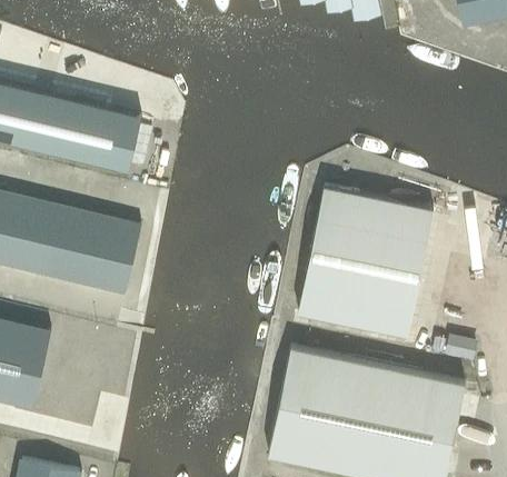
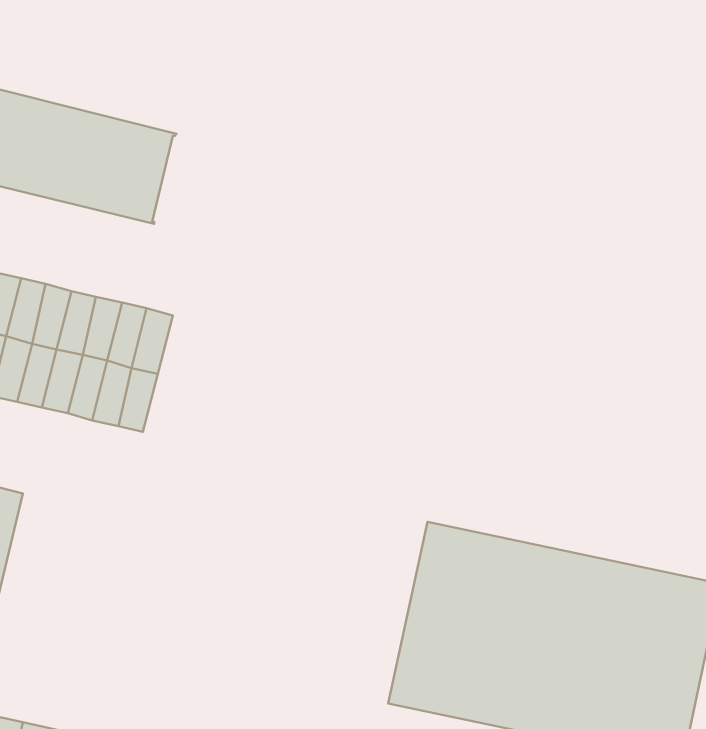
building: [298,187,431,336] -> none

